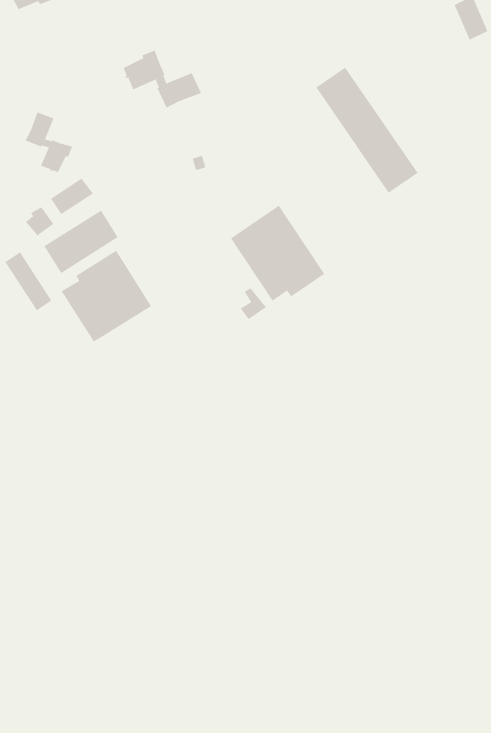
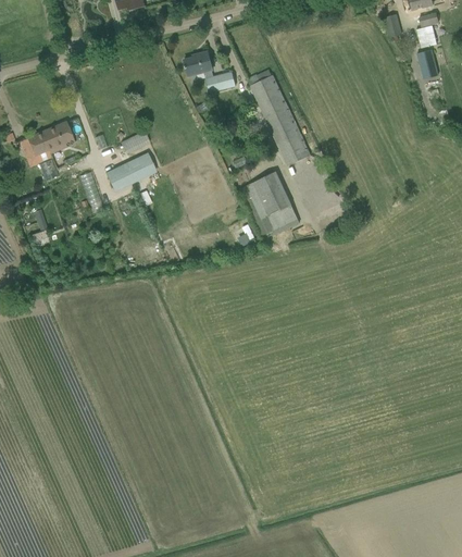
building: [315,67,418,194] -> [249,74,310,165]
building: [25,112,73,173] -> none
building: [61,250,152,343] -> none

